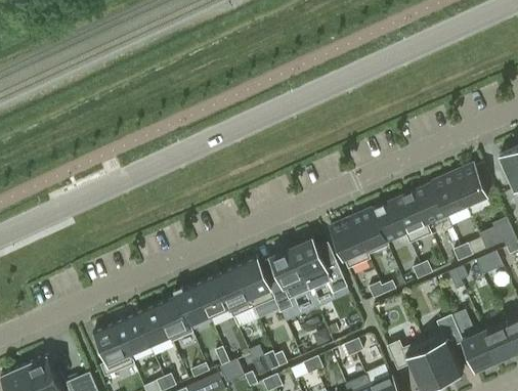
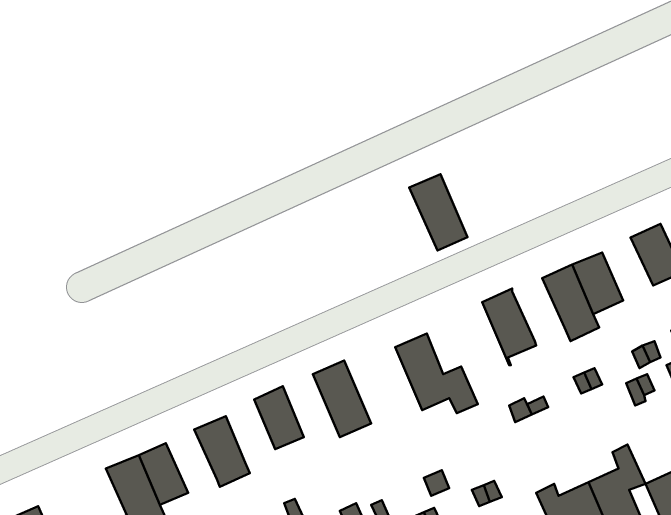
building: [431,173,467,216] -> none
building: [371,201,406,244] -> none
building: [329,217,369,269] -> [409,174,468,251]
building: [270,248,309,311] -> none
building: [214,266,253,318] -> none
building: [173,284,209,327] -> none
building: [134,304,169,347] -> none

